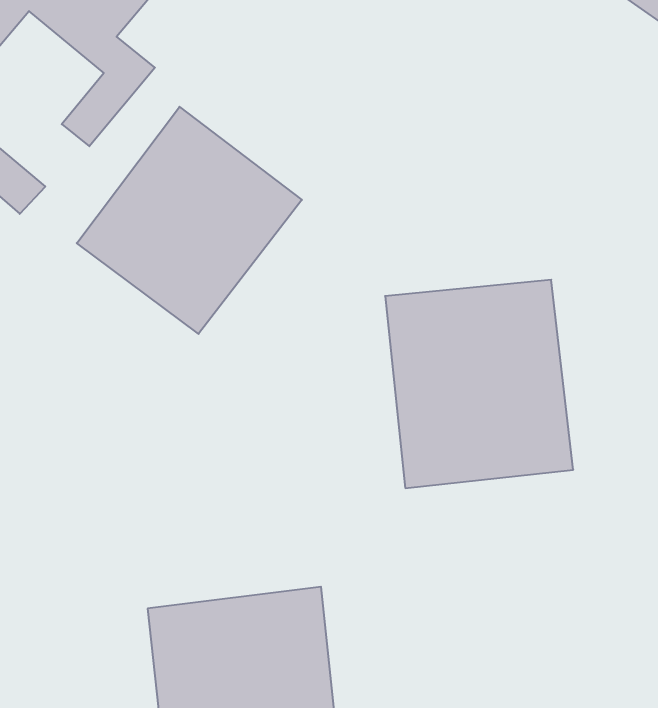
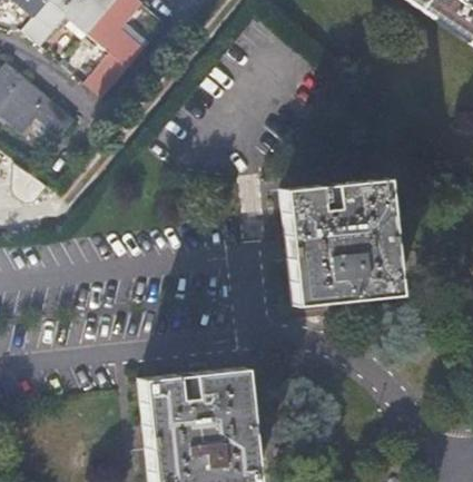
building: [77,107,302,334] -> none

